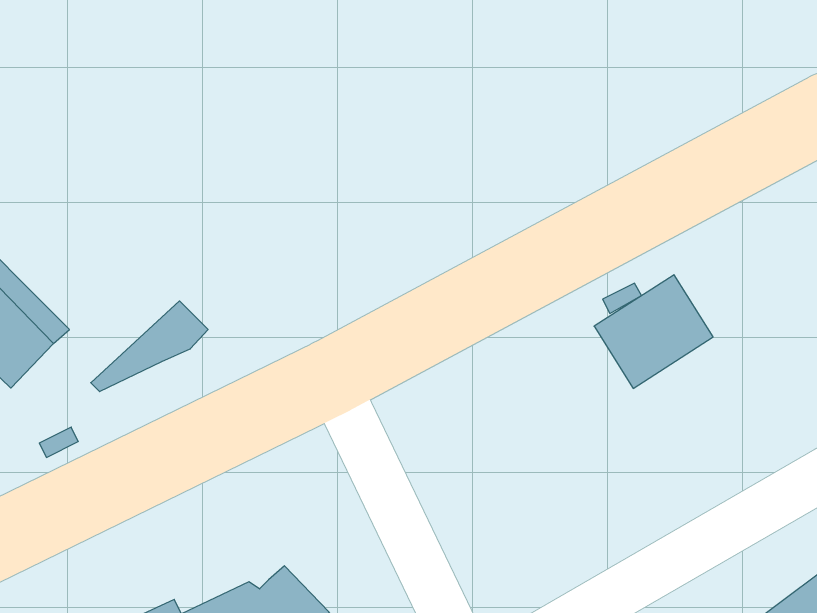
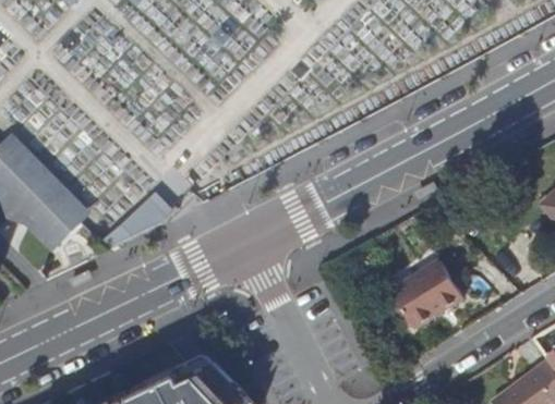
building: [594,275,713,388] -> [391,255,464,325]

